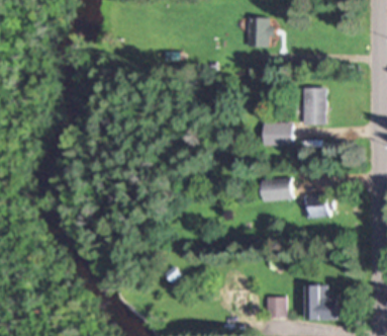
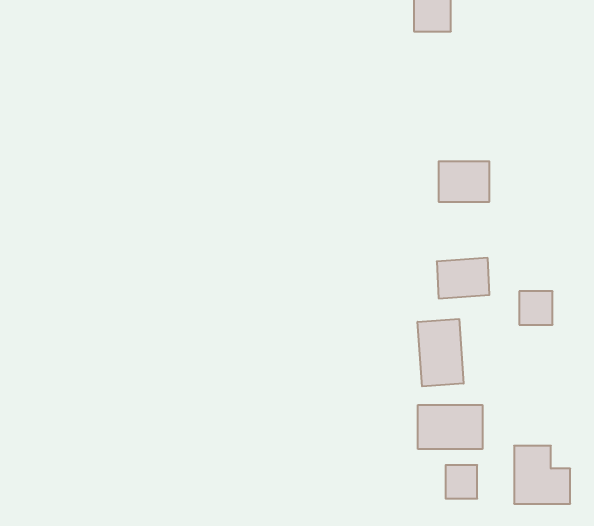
building: [304,87,327,124] -> none
building: none -> [418,319,464,386]
building: none -> [418,405,482,449]

